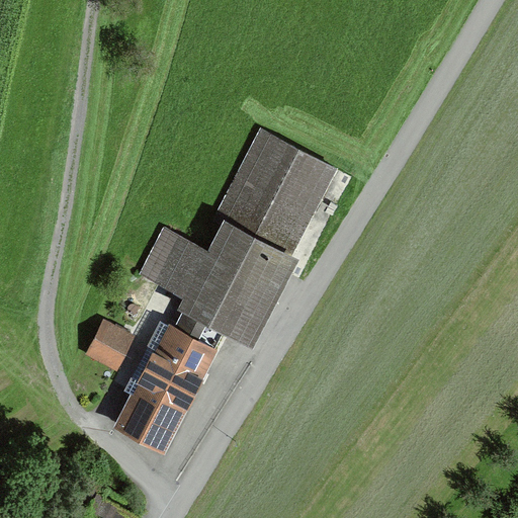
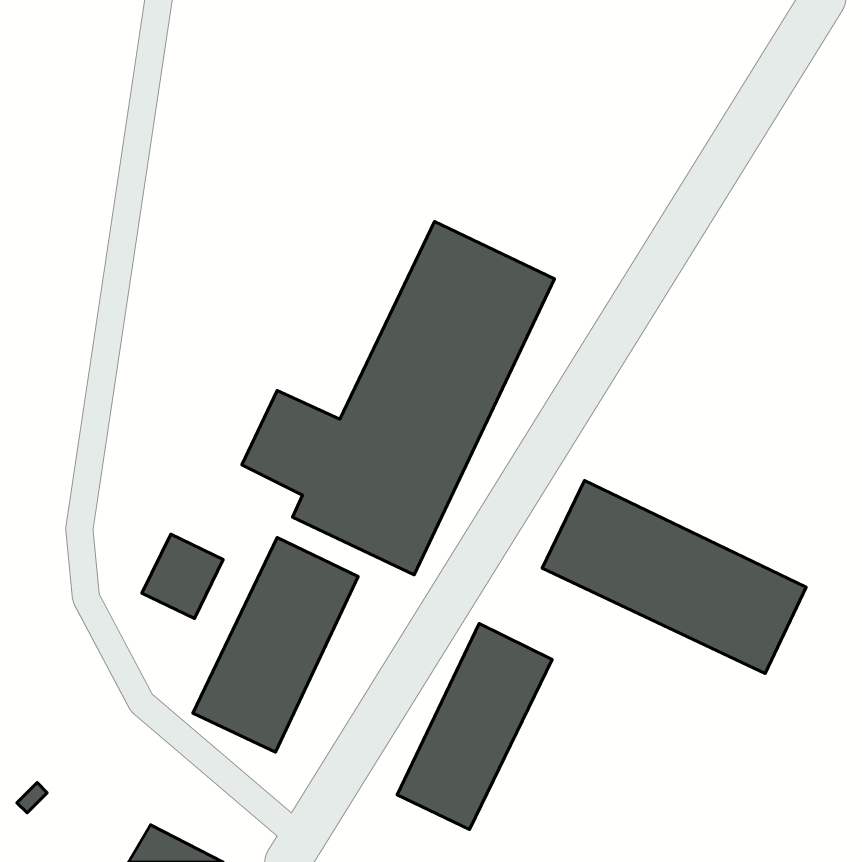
building: none -> [542,481,806,674]
building: none -> [397,624,552,829]

